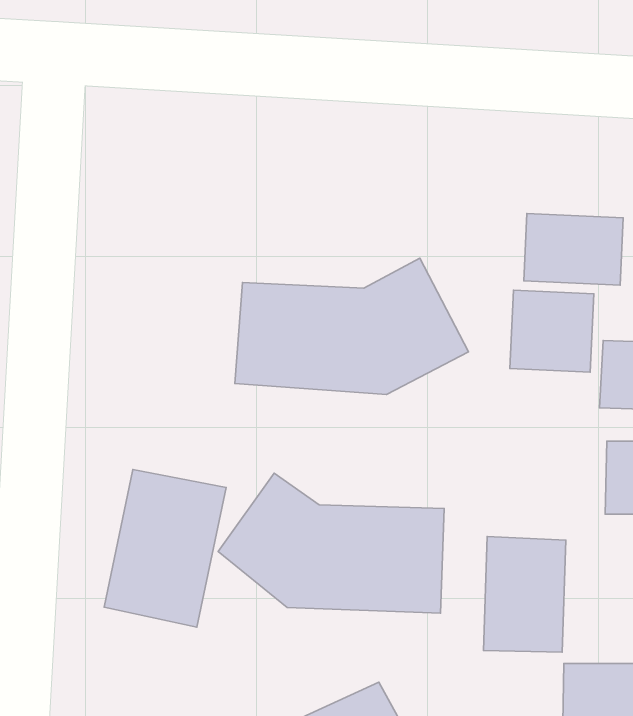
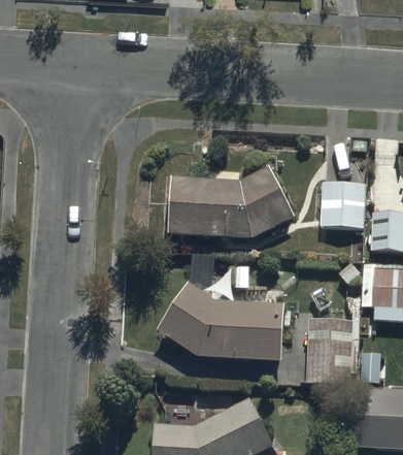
building: [524,214,623,285] -> none
building: [104,470,226,627] -> none

